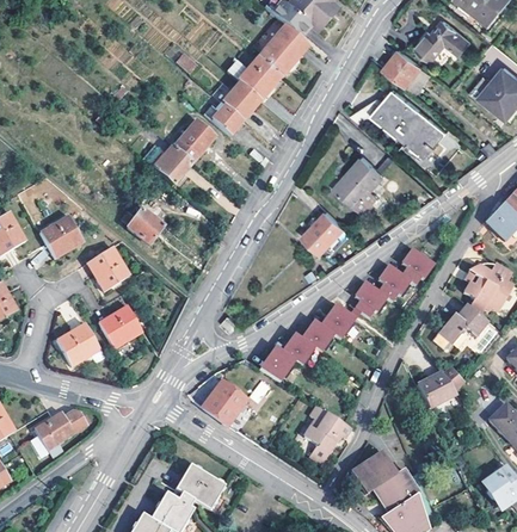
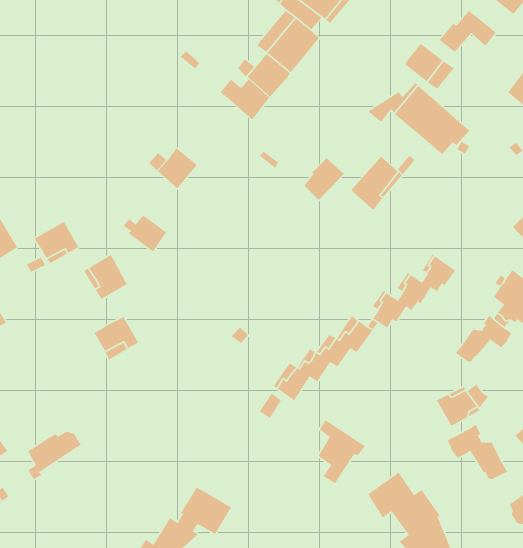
building: [211,104,244,136] -> none
building: [172,120,215,162] -> none
building: [308,210,346,250] -> [304,157,344,201]
building: [54,322,100,364] -> none
building: [204,381,247,425] -> none
building: none -> [447,423,508,480]

